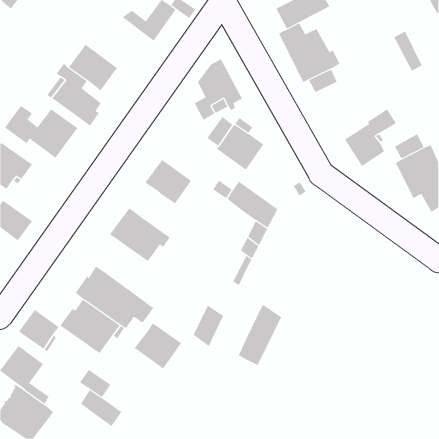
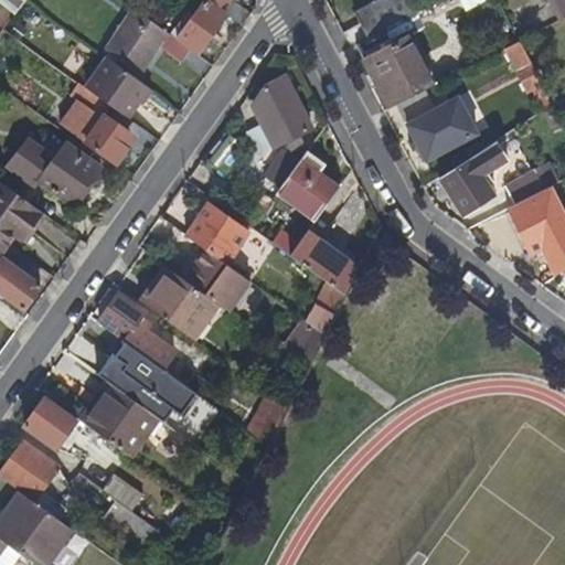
building: none -> [110,8,190,70]
building: none -> [406,98,476,160]
building: none -> [183,248,258,317]
building: none -> [97,292,172,367]
building: [238,304,282,366] -> none
building: [134,322,182,370] -> none

